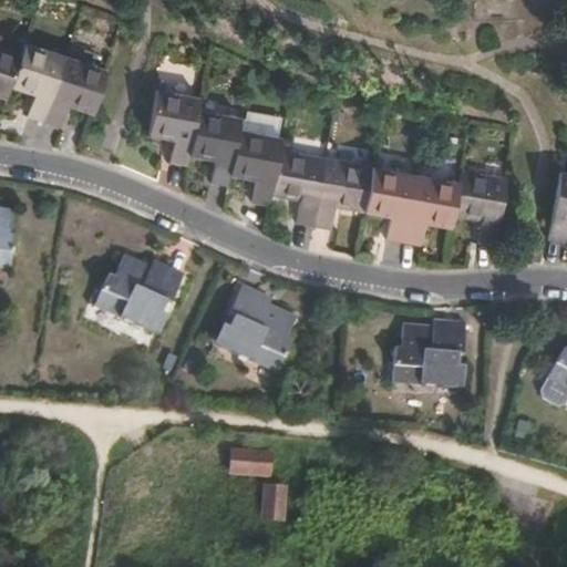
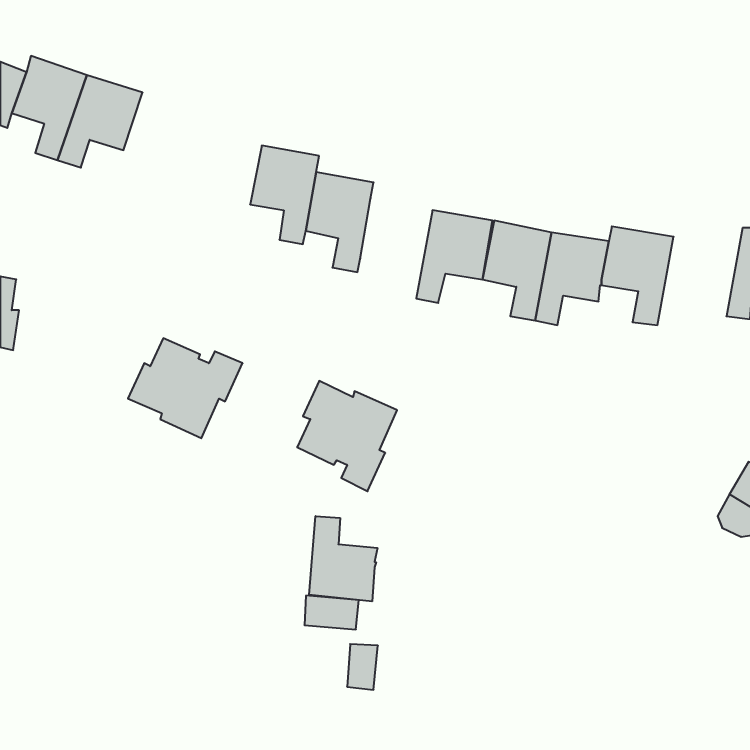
building: [148,89,199,164] -> none
building: [272,150,327,225] -> none
building: [393,320,465,385] -> none
building: none -> [309,516,377,601]

